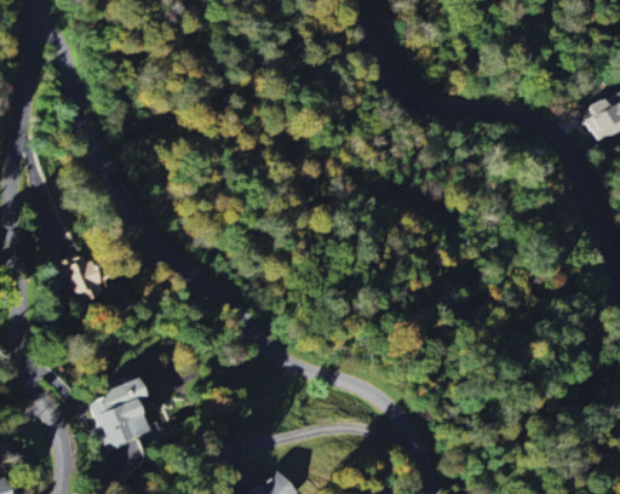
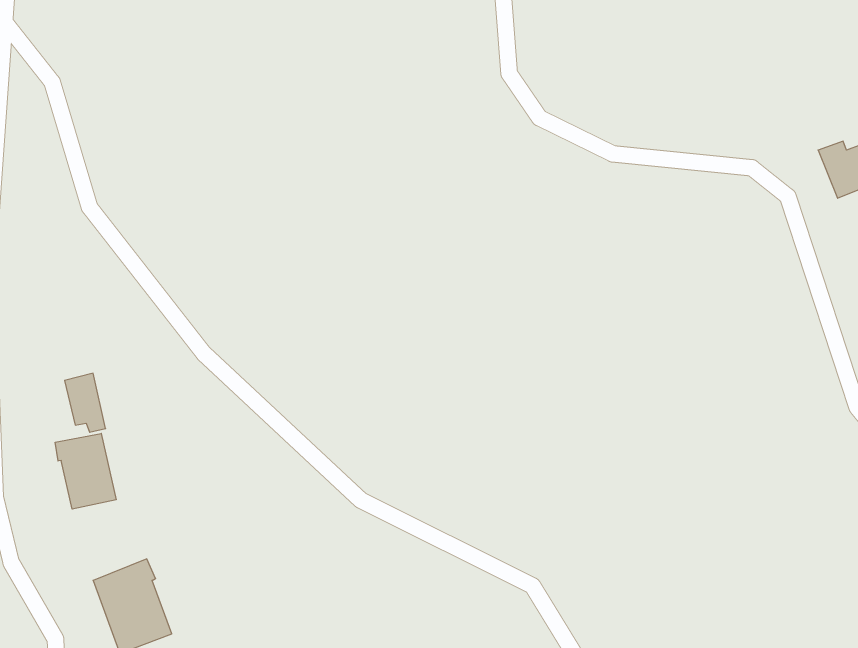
building: none -> [55,433,116,509]

